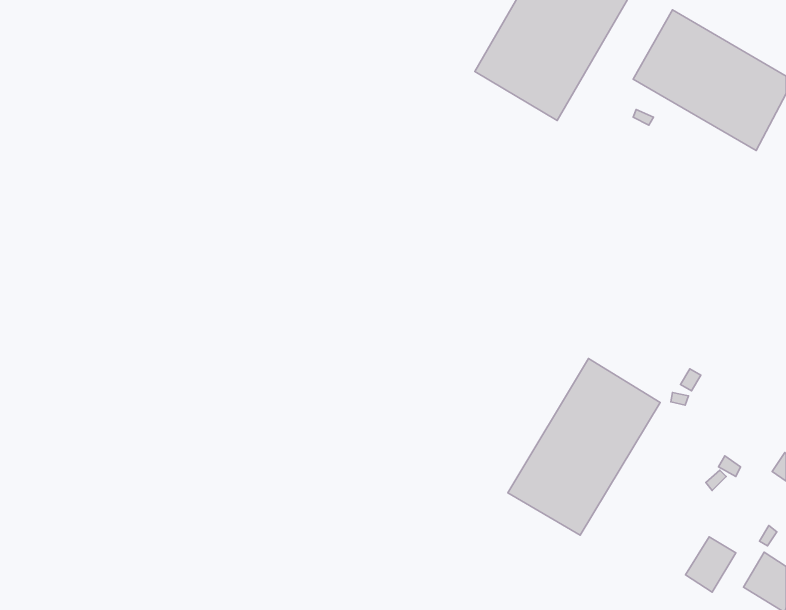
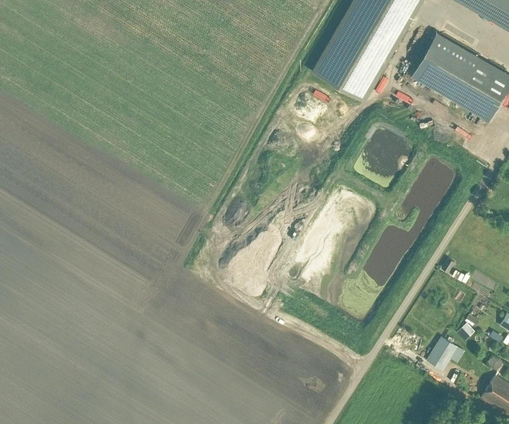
building: [508,358,660,535] -> none
building: [685,537,736,592] -> [425,336,457,371]

